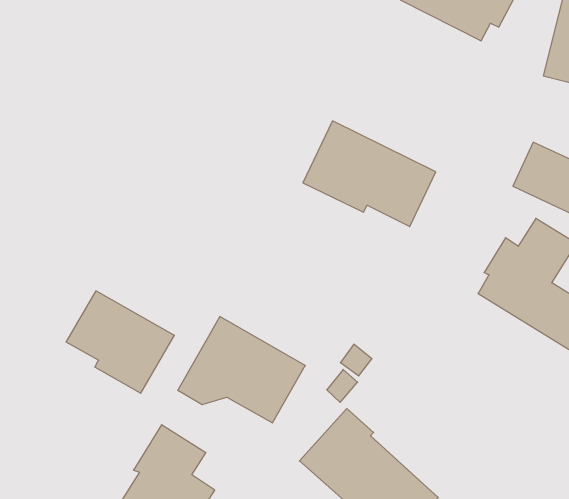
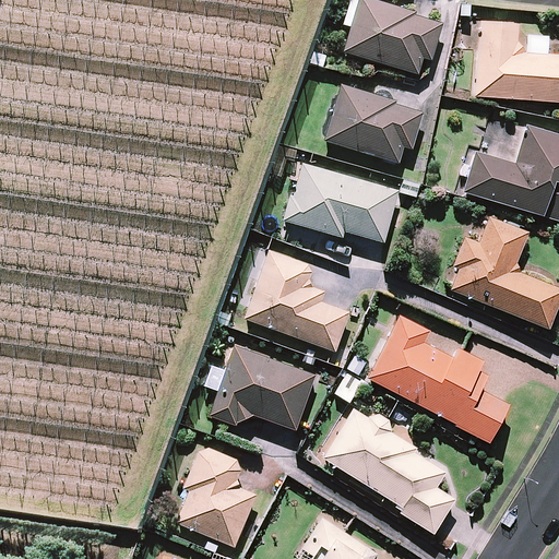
building: none -> [324,85,421,163]
building: none -> [246,251,348,350]
building: [66,291,174,393] -> none
building: none -> [367,314,508,441]

